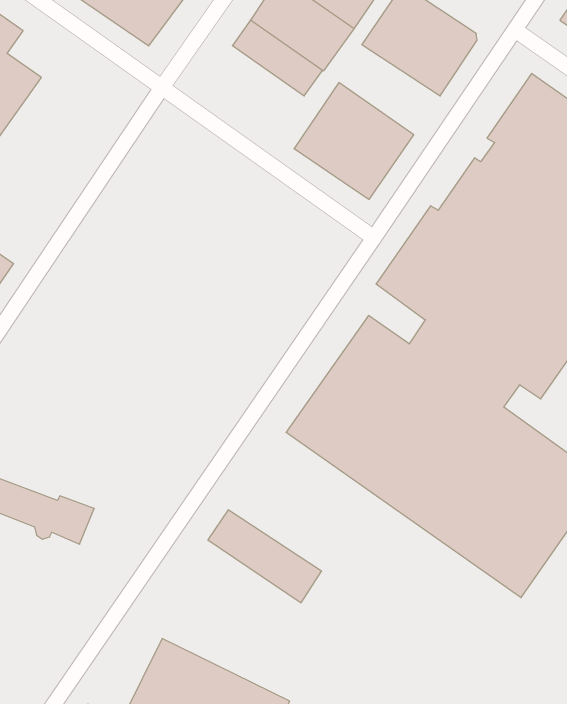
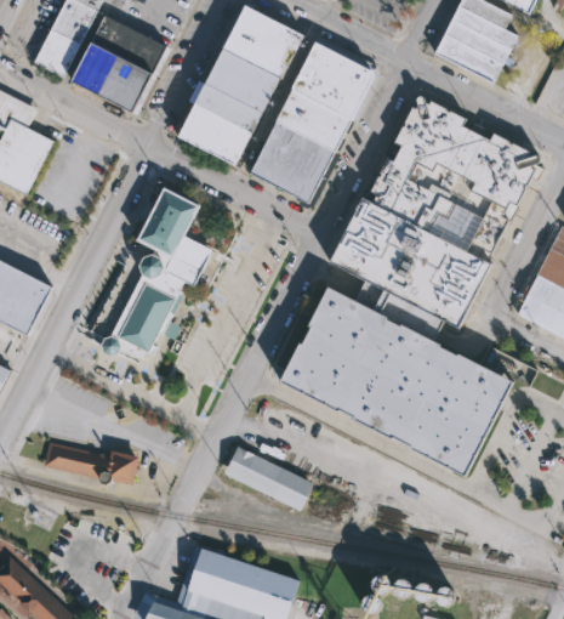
building: none -> [274,89,353,151]
building: none -> [177,102,252,165]
building: none -> [98,189,212,362]

